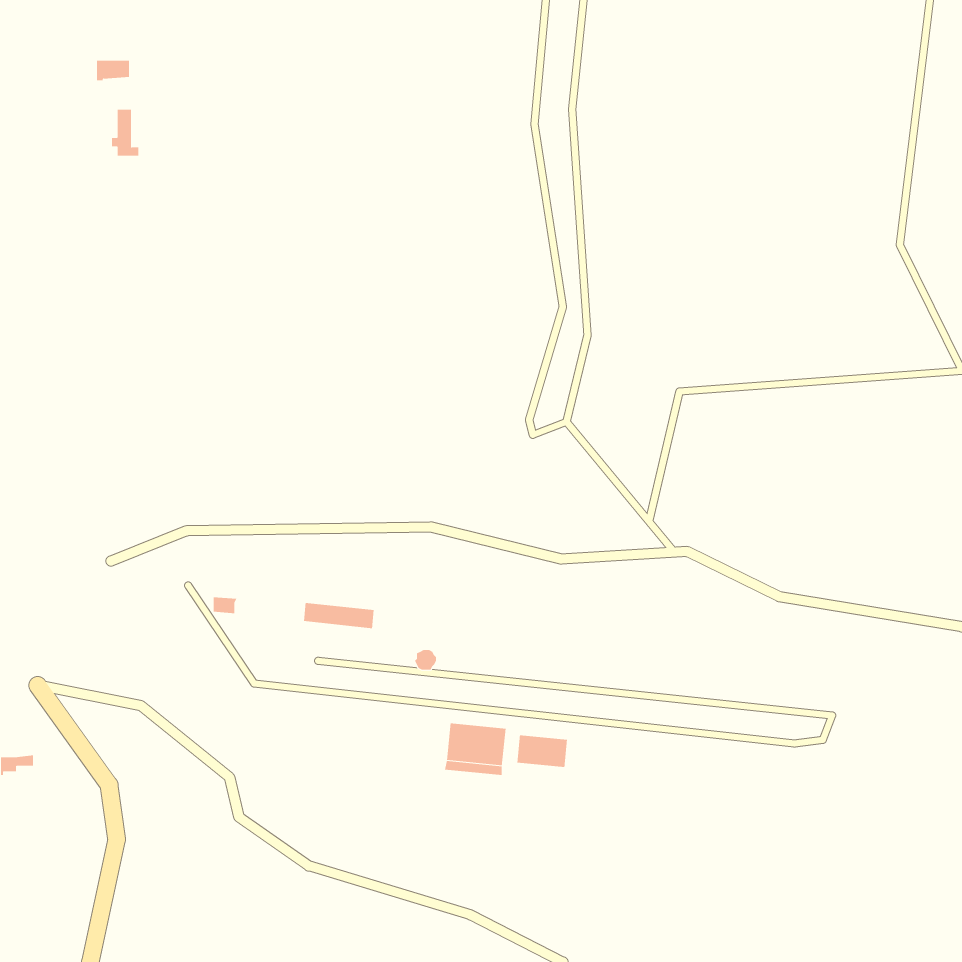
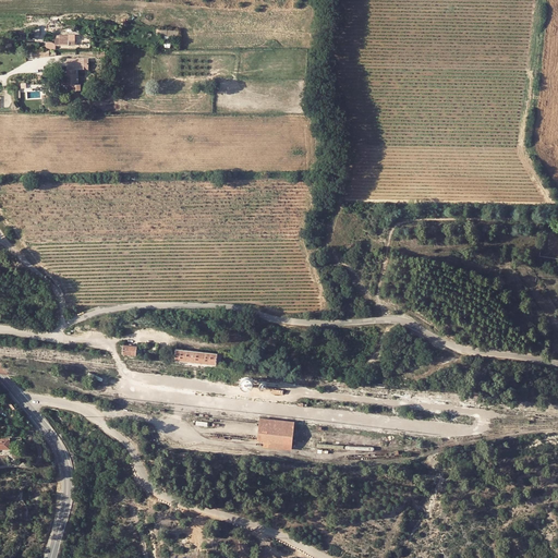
building: [517,734,568,768] -> none

